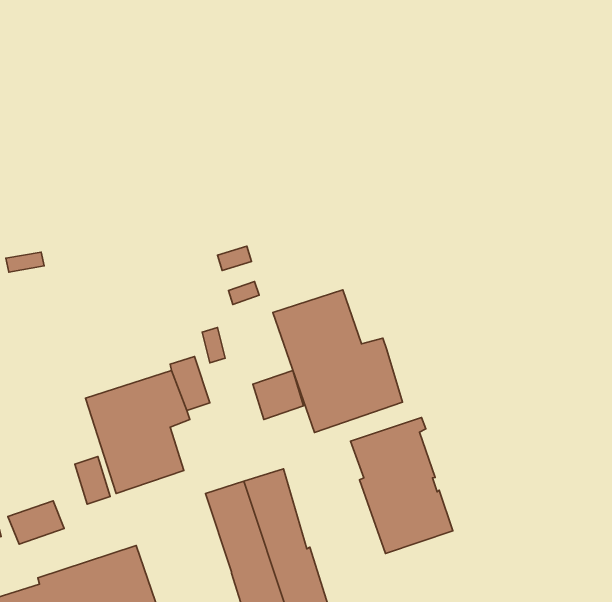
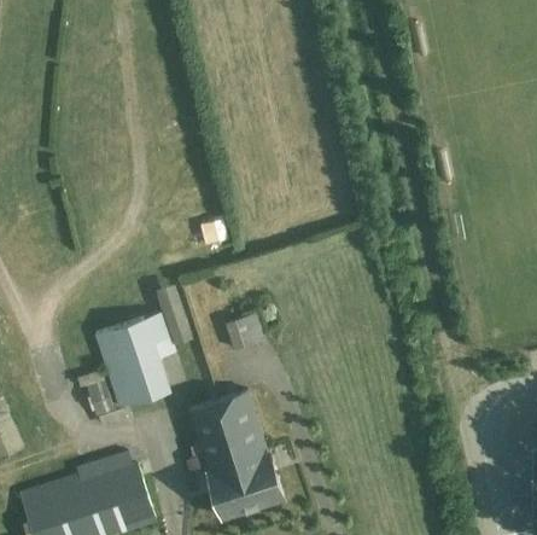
building: [273,290,402,433] -> none
building: [351,418,453,553] -> none
building: [8,501,64,544] -> none

